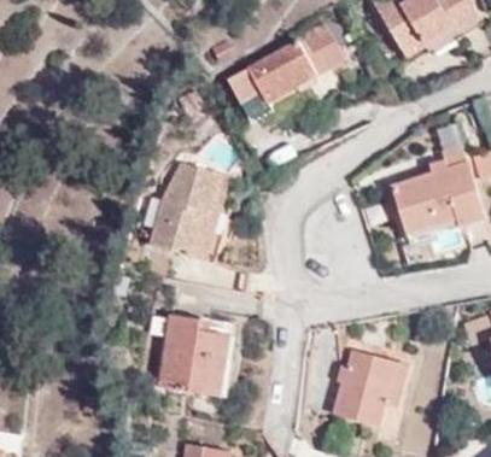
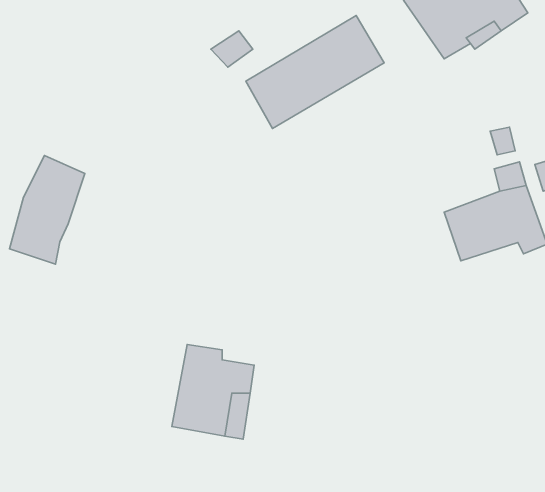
building: [154,163,220,257] -> [9,155,85,264]
building: [338,352,405,422] -> none

